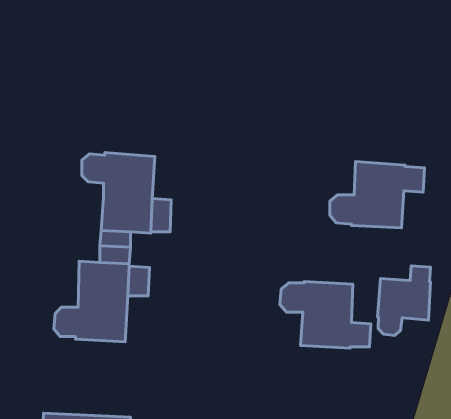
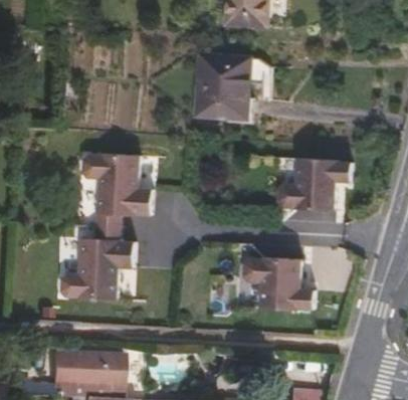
building: none -> [197,53,264,119]
building: [378,266,430,336] -> none

